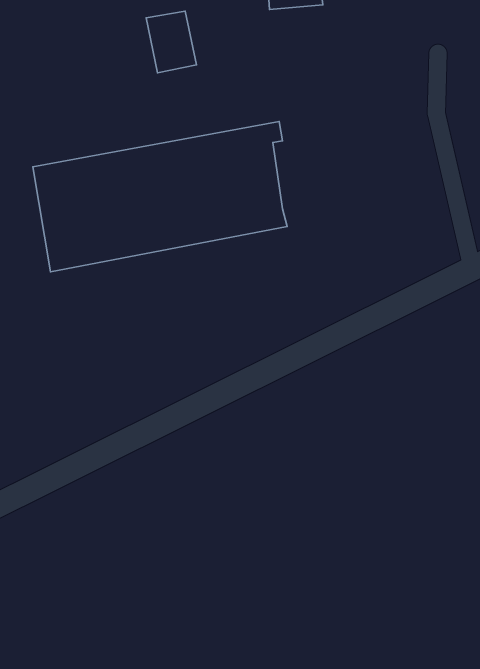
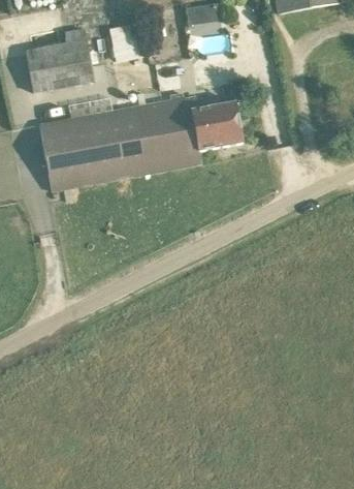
building: none -> [26,29,93,92]
building: none -> [192,101,242,151]

